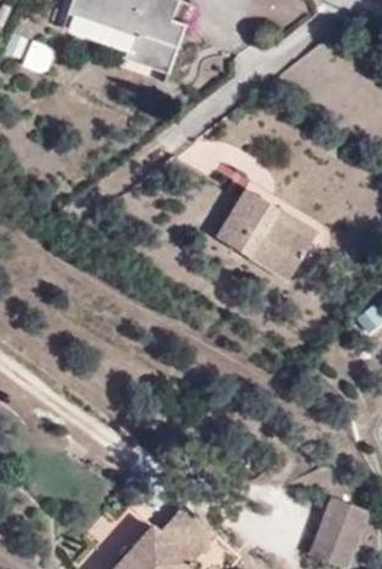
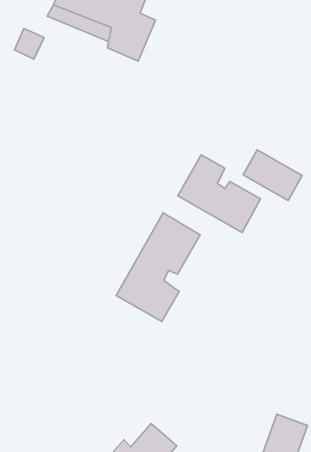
building: none -> [243,150,302,200]
building: none -> [116,213,200,322]

